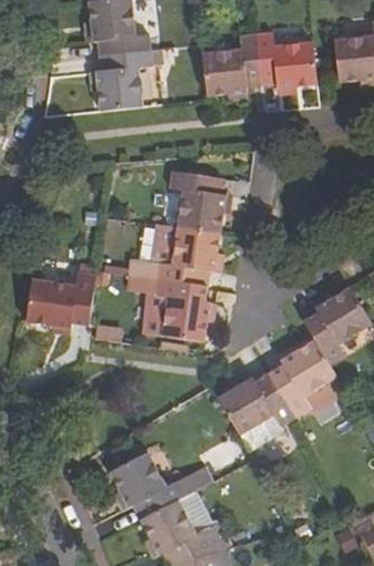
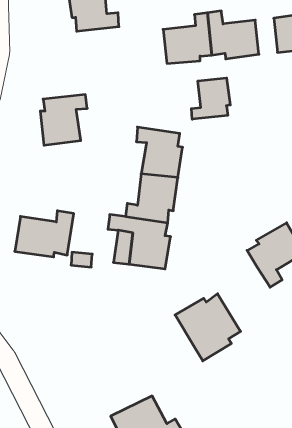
building: [95,50,152,111] -> [40,95,87,145]
building: none -> [191,78,230,119]
building: [268,339,346,416] -> none
building: [108,451,212,518] -> none

